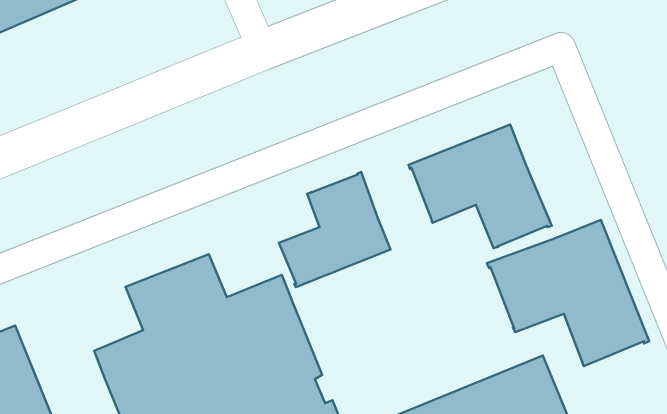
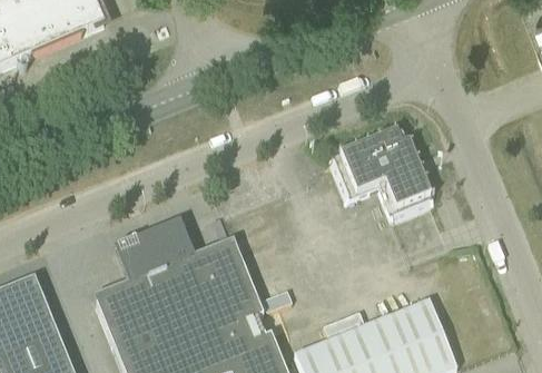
building: [279,172,391,287] -> none
building: [487,220,649,366] -> none

